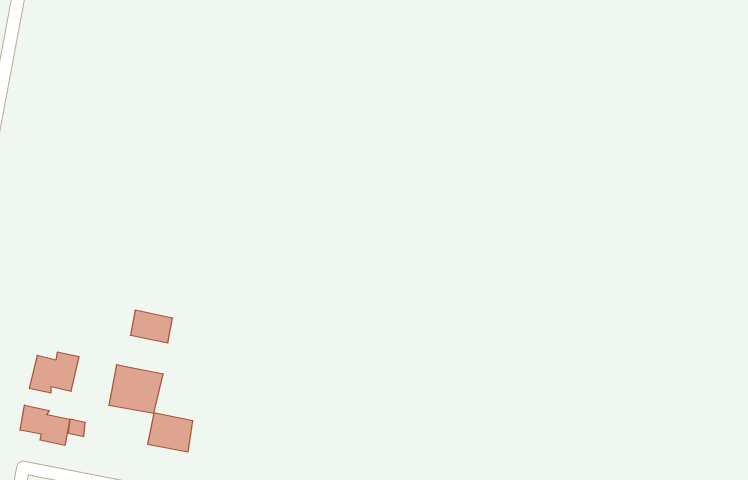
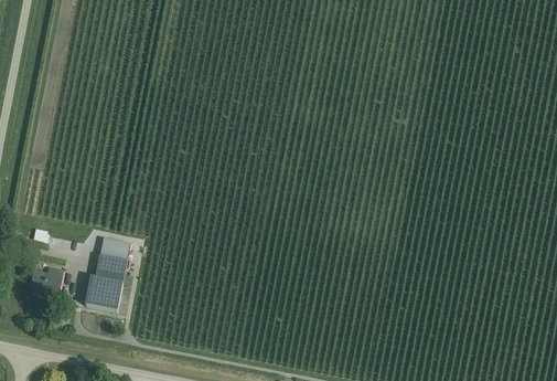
building: [20,405,70,445] -> none
building: [148,413,193,452] -> [95,254,127,282]

